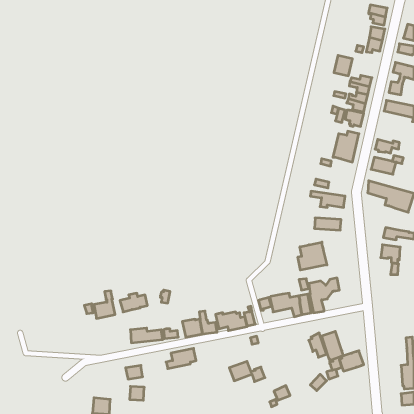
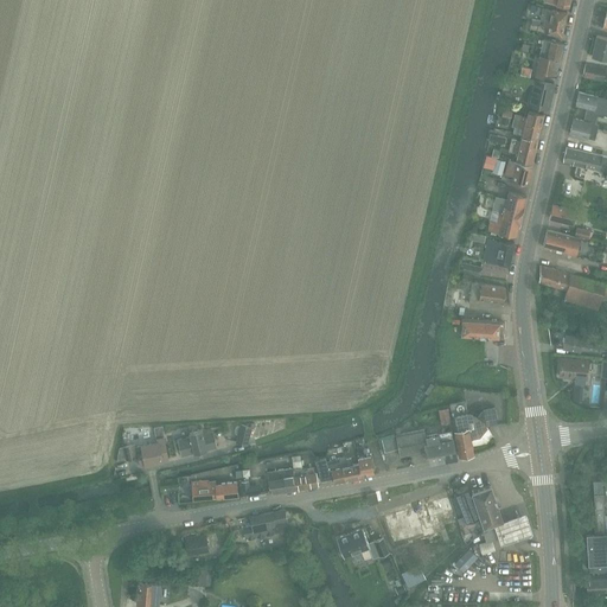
building: [334,55,352,76] -> [528,79,555,109]
building: none -> [483,238,515,267]
building: [298,242,327,270] -> none

